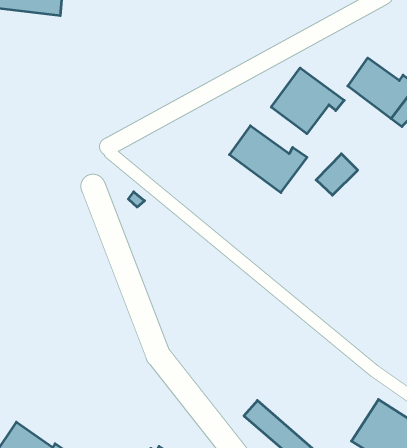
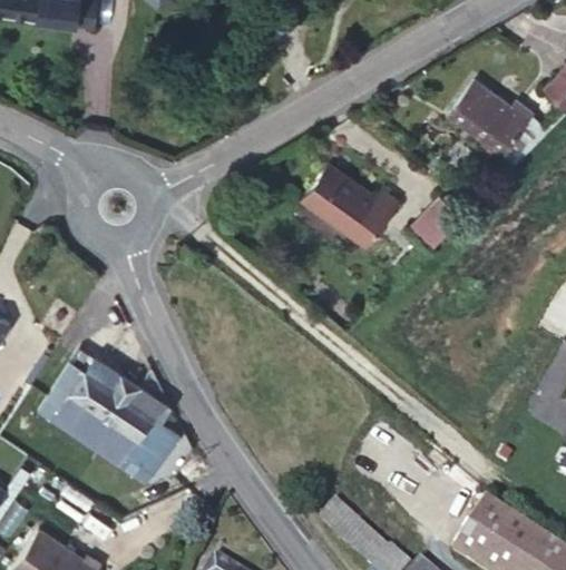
building: [271,68,344,134] -> none
building: none -> [39,346,180,476]

